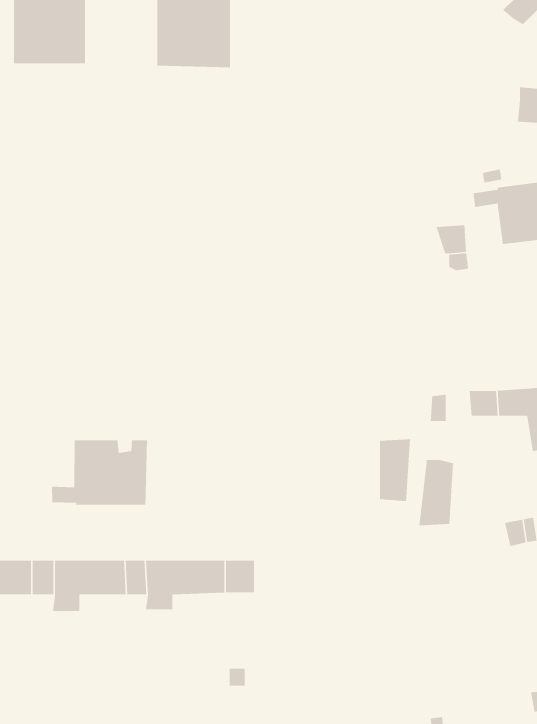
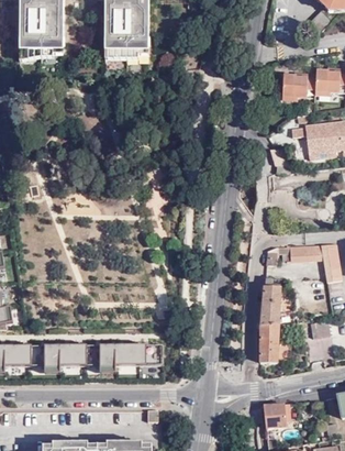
building: none -> [286,69,319,94]
building: [379,438,411,502] -> [259,323,278,361]
building: [51,439,148,506] -> none
building: none -> [261,402,289,427]

